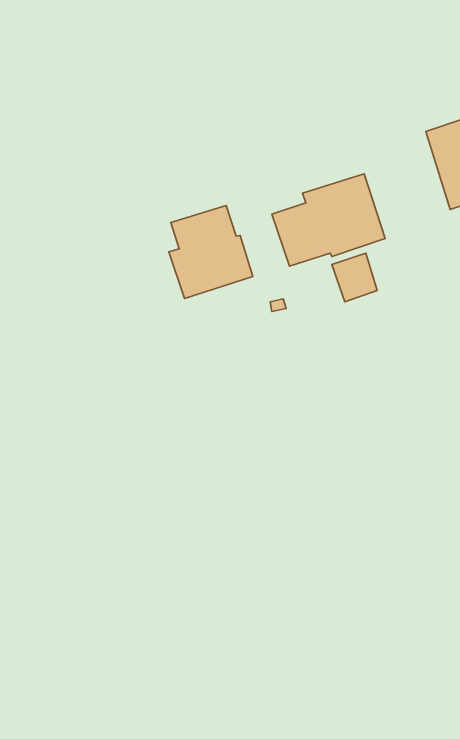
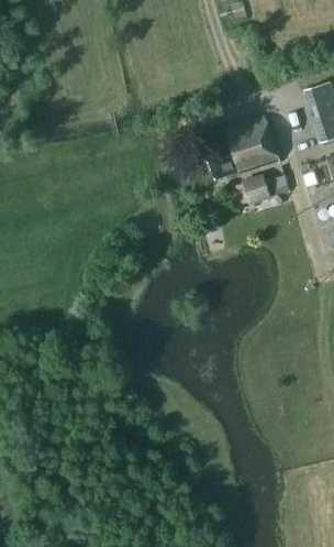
building: [169,205,253,299] -> none

